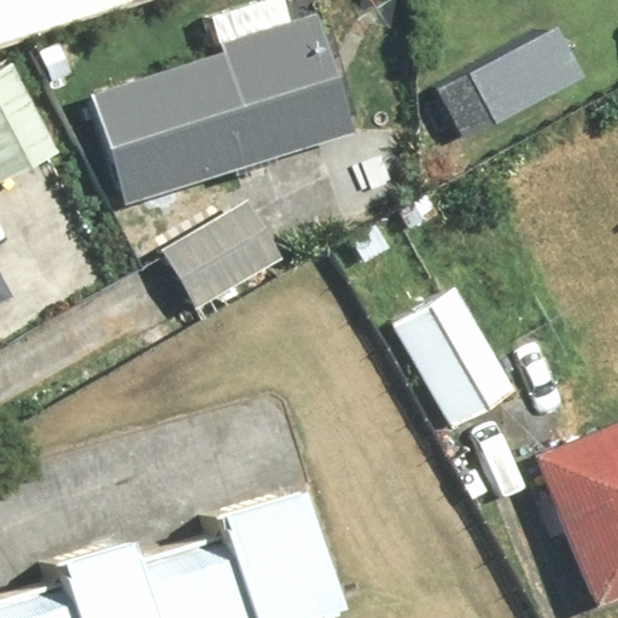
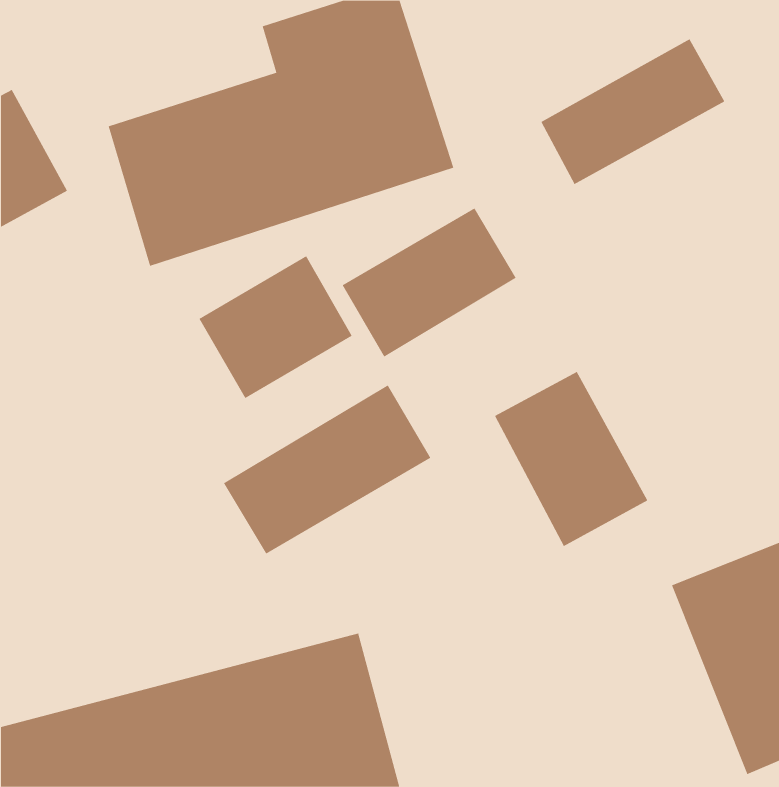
building: none -> [342,207,517,358]
building: none -> [223,384,431,555]

